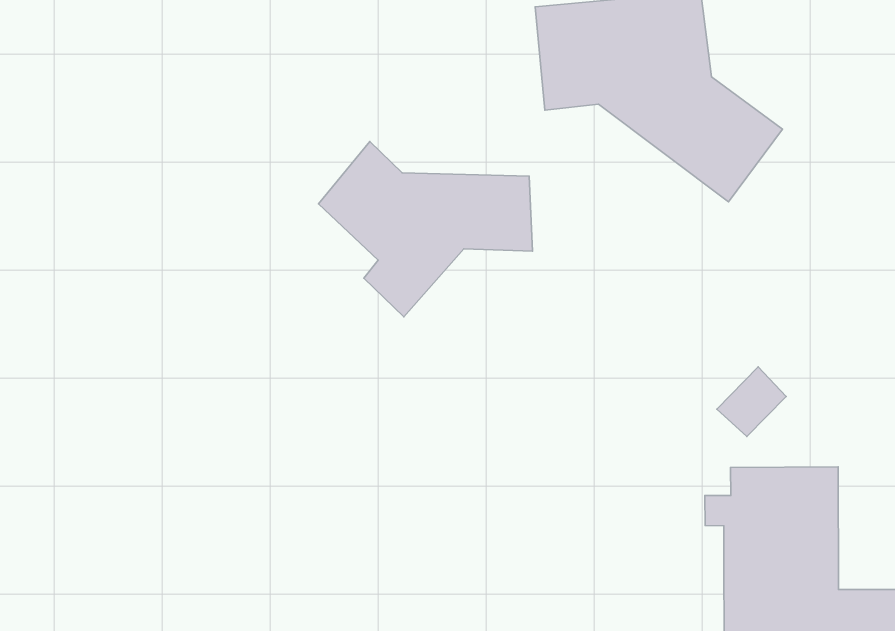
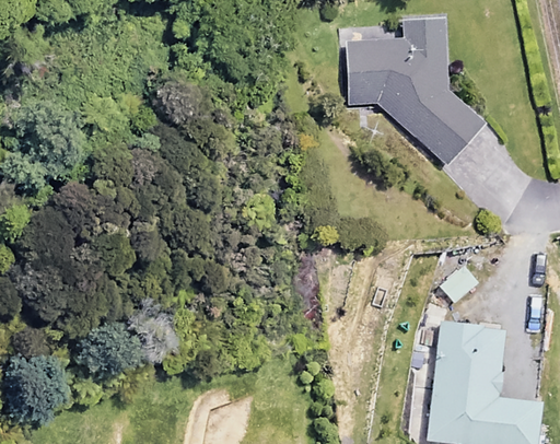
building: [319,142,532,317] -> none

